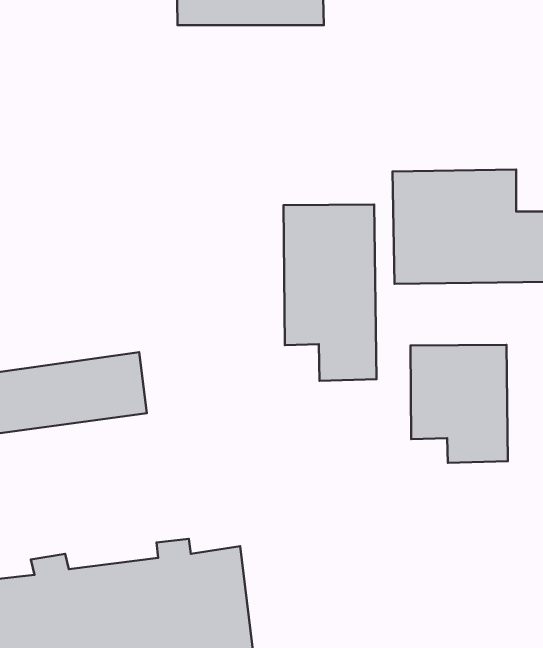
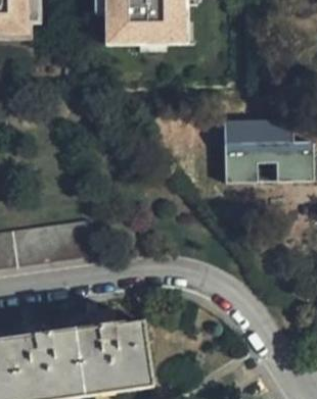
building: [284,205,376,381] -> none
building: [410,345,508,463] -> none

